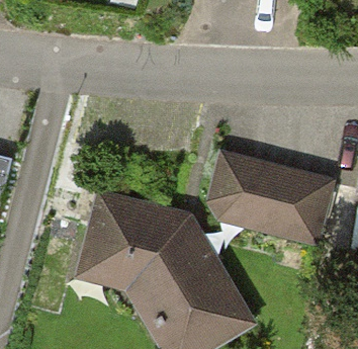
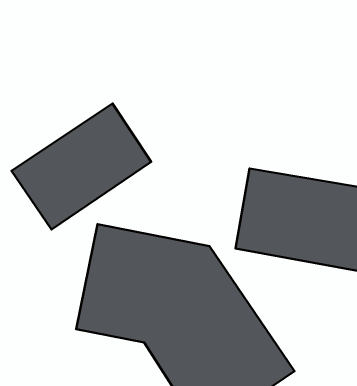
building: none -> [11,104,151,230]

